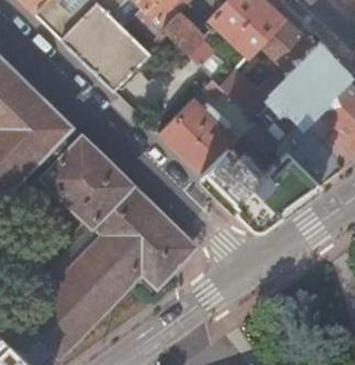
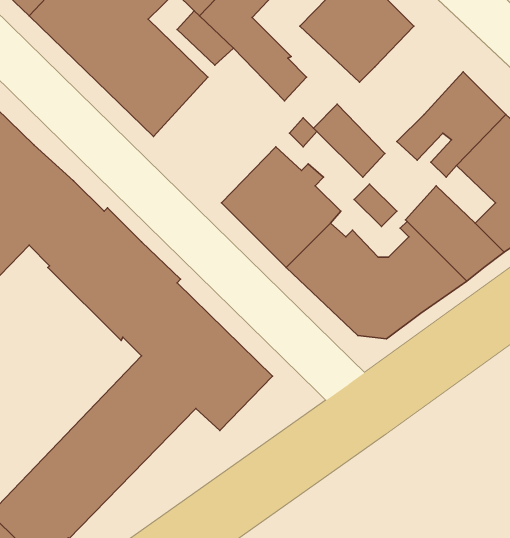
building: [258,18,316,76] -> none

